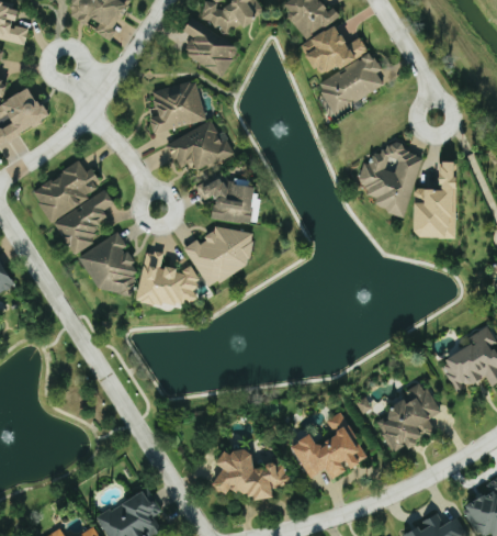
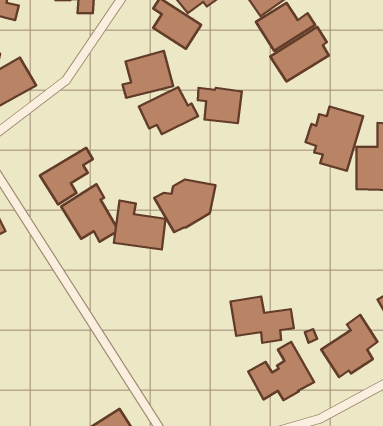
building: [31,161,102,222] -> none
building: [204,182,255,223] -> [198,88,242,123]
building: [215,449,287,502] -> [230,297,294,343]

